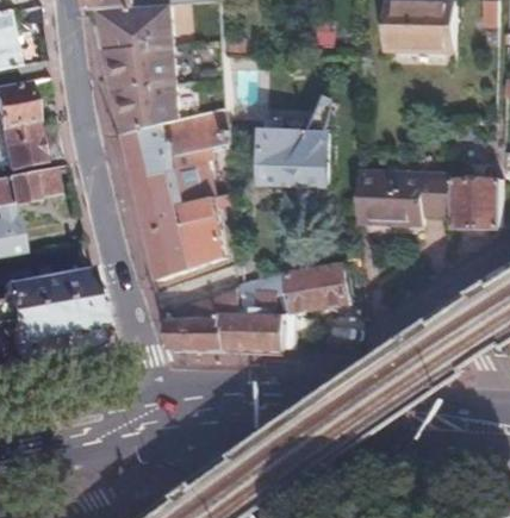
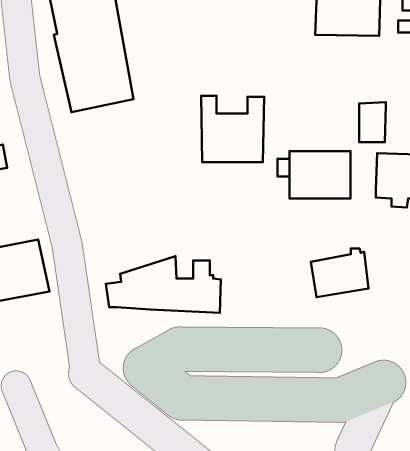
building: [119,110,230,275] -> none
building: [422,173,450,216] -> [359,102,386,142]
building: [288,261,350,313] -> [311,248,369,297]

